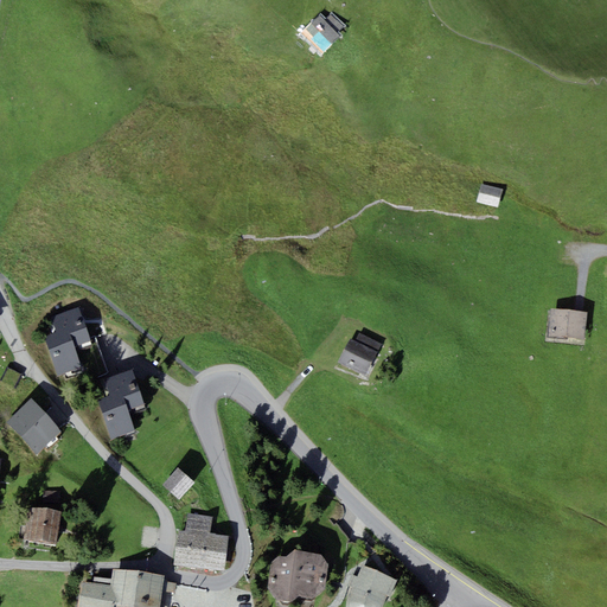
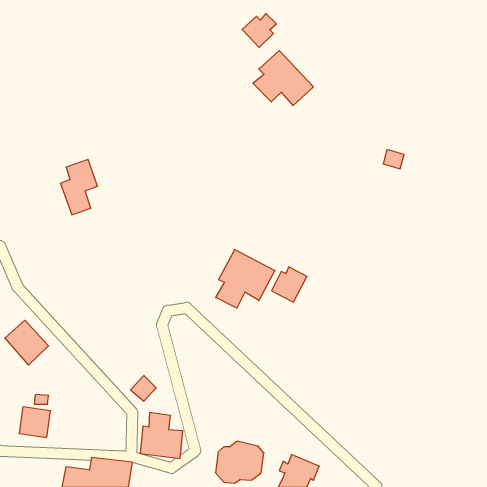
building: none -> [253,51,313,105]
building: [44,307,90,376] -> [60,160,98,215]
building: none -> [216,250,275,308]
building: [548,314,588,345] -> none
building: [97,369,145,440] -> none

